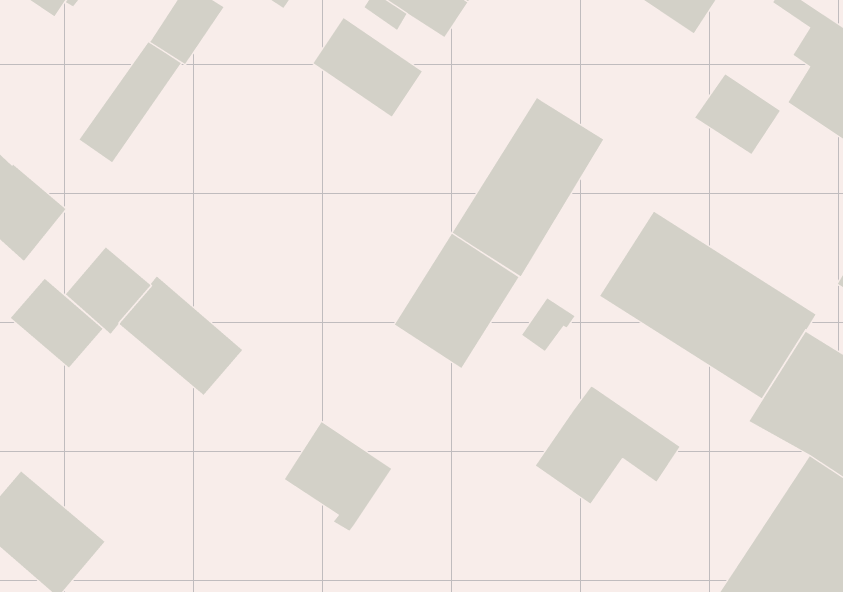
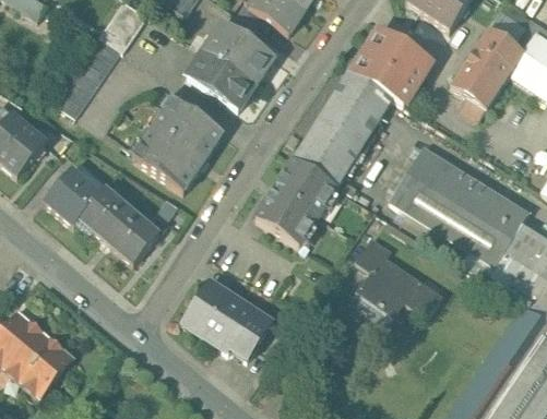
building: none -> [469,27,524,80]
building: none -> [352,28,431,106]
building: none -> [188,49,255,108]
building: none -> [132,97,223,190]
building: [10,278,104,369] -> none
building: [521,298,576,352] -> [356,238,391,273]
building: none -> [231,310,271,356]

